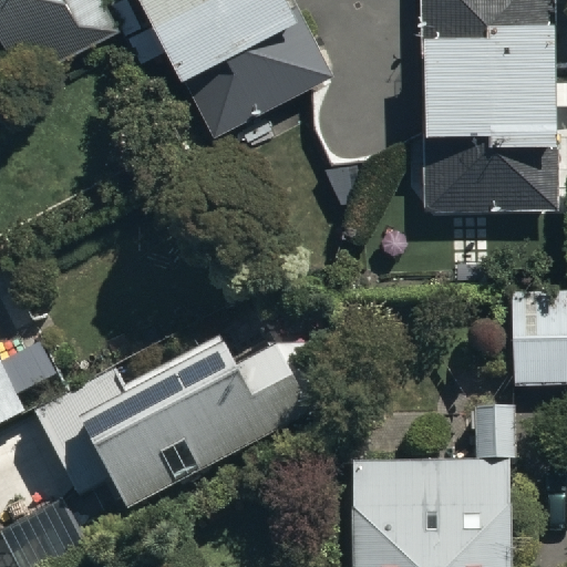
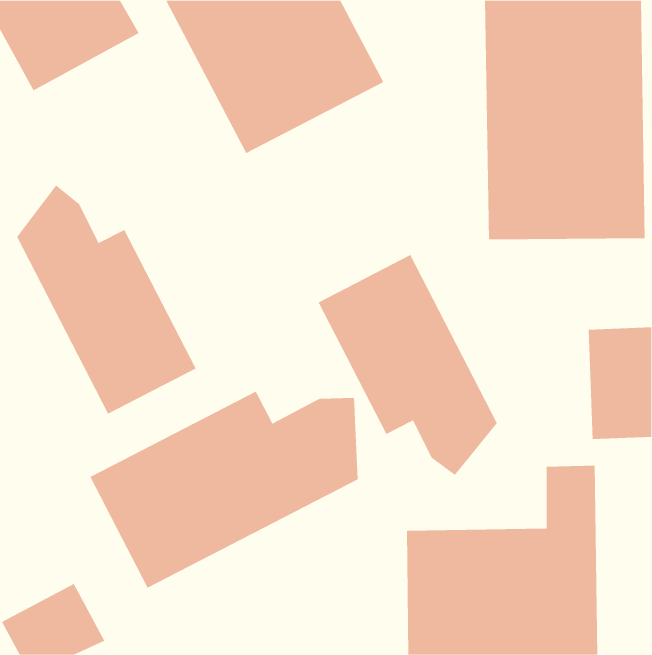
building: none -> [17,184,196,414]
building: none -> [318,254,497,476]

